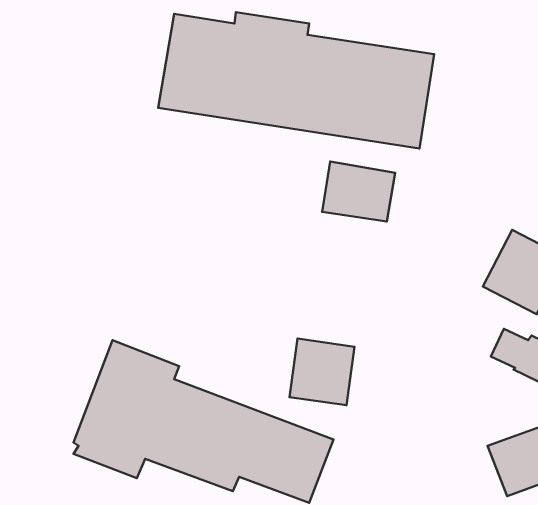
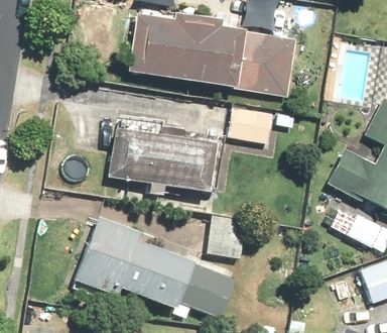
building: none -> [108,125,215,195]

